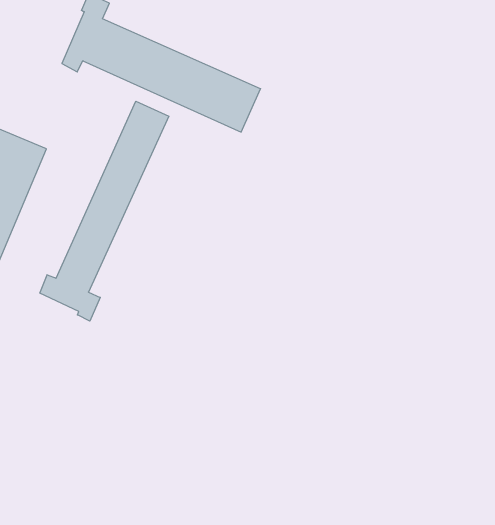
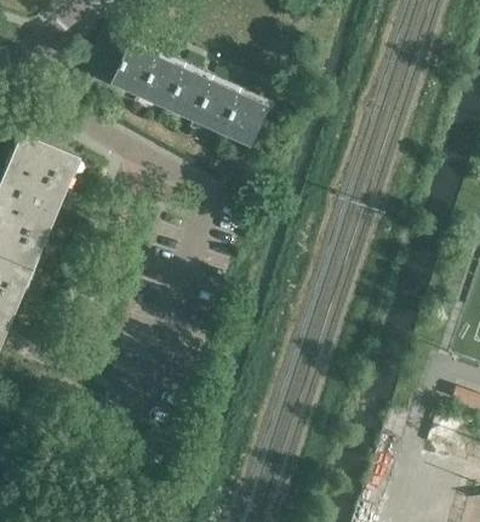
building: [40,101,169,321] -> none

